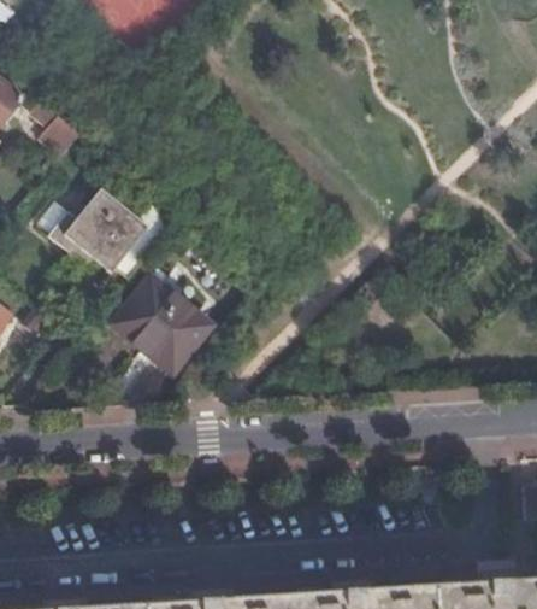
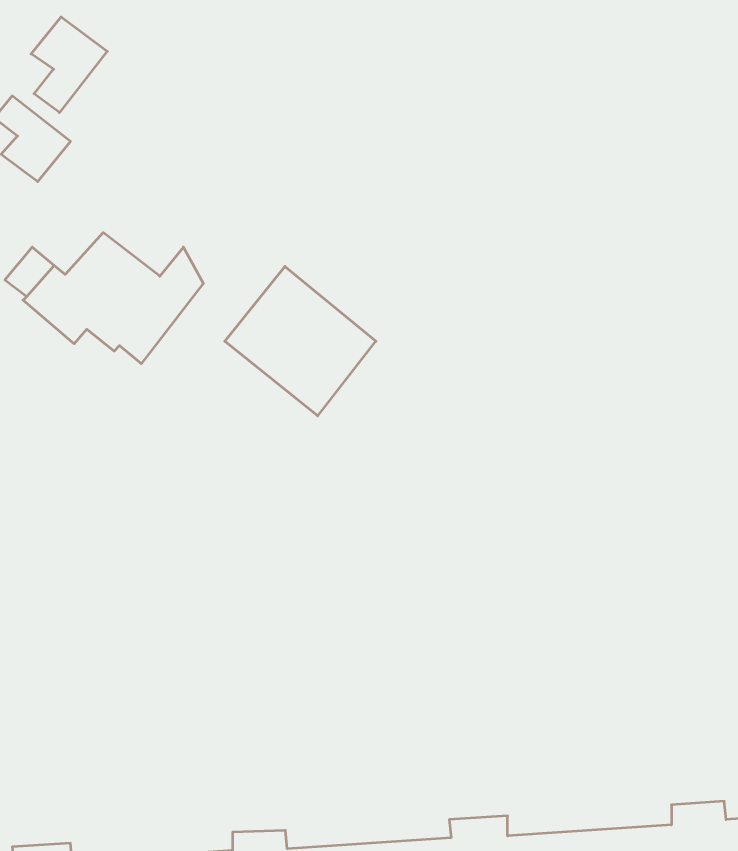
building: none -> [31,17,107,113]
building: [110,277,210,376] -> [225,266,376,416]

